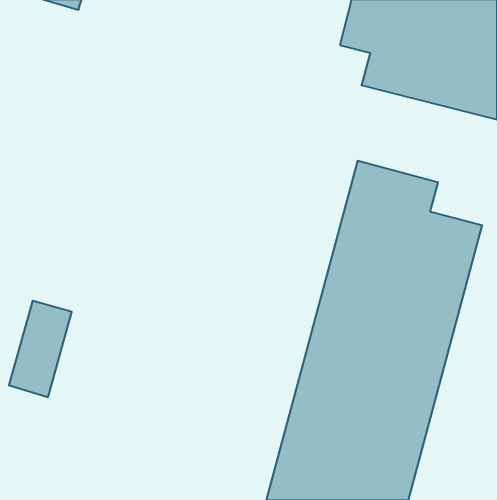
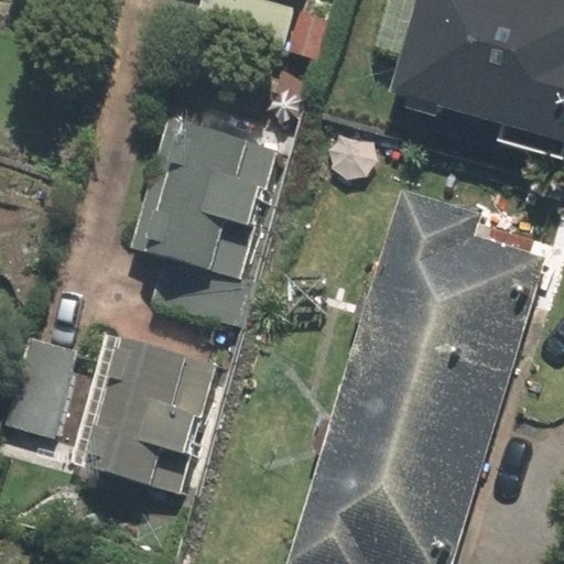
building: none -> [132,115,294,286]
building: none -> [75,332,227,492]

